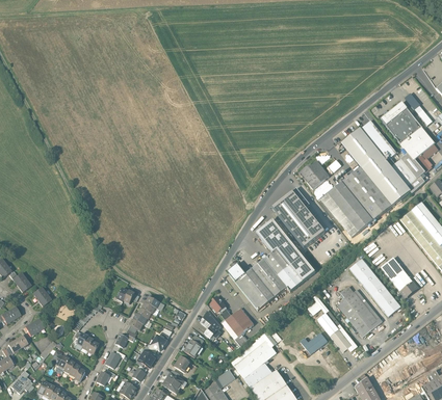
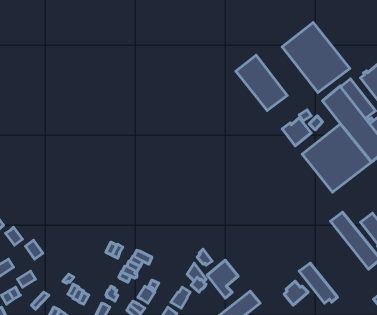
building: none -> [282,23,350,92]
building: [271,190,324,247] -> [236,55,287,110]
building: [229,217,315,309] -> none
building: [337,285,383,336] -> none

